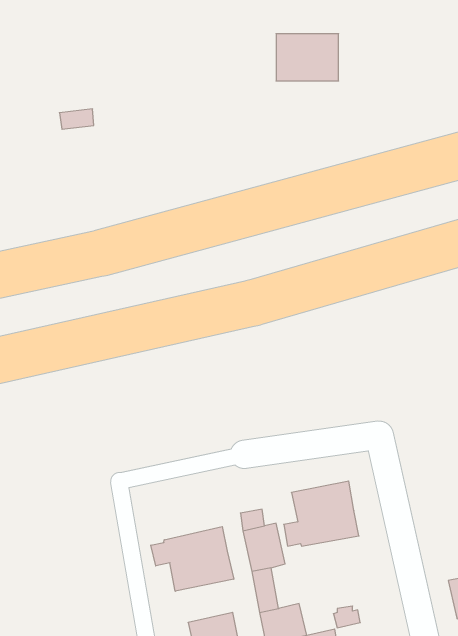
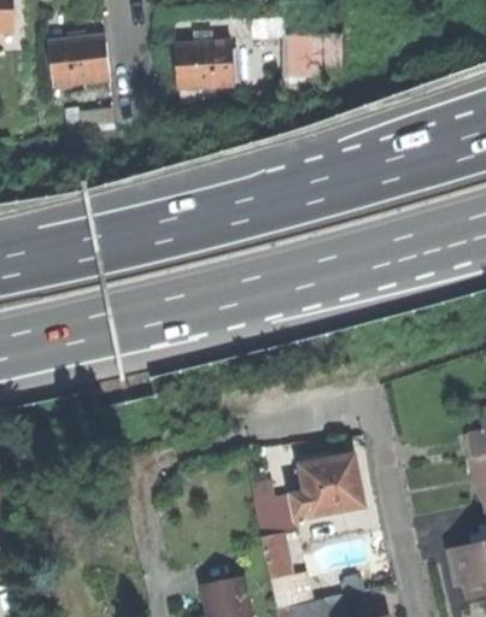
building: none -> [49,33,109,82]
building: none -> [176,35,234,83]
building: [151,527,234,591] -> none

